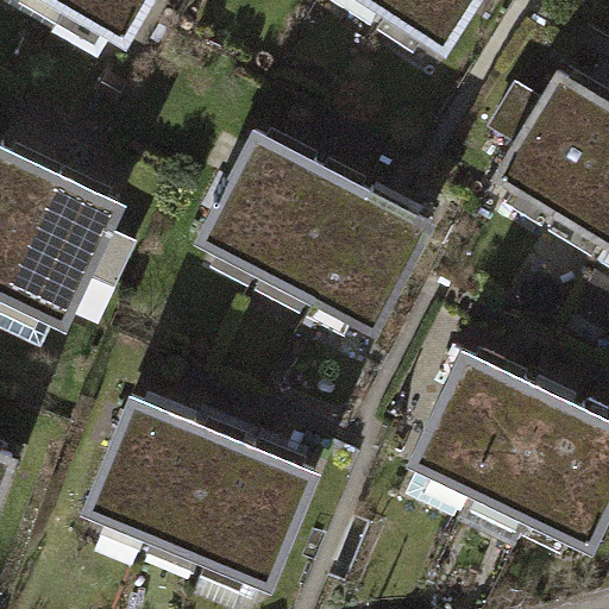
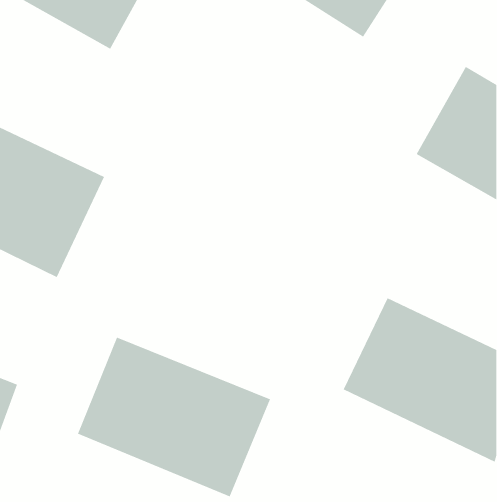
building: [187,118,423,321] -> none

